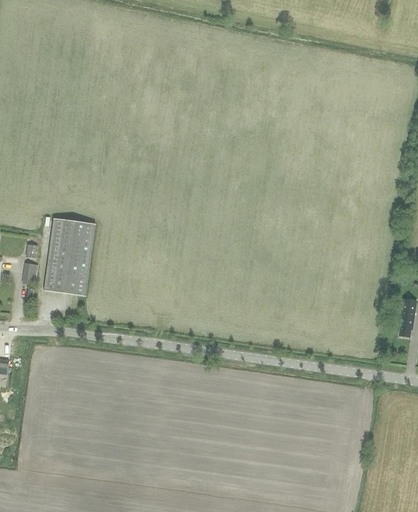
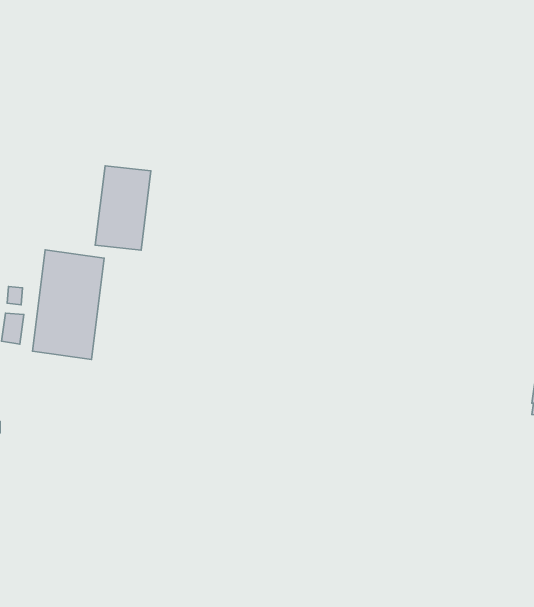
building: none -> [95,166,151,250]

